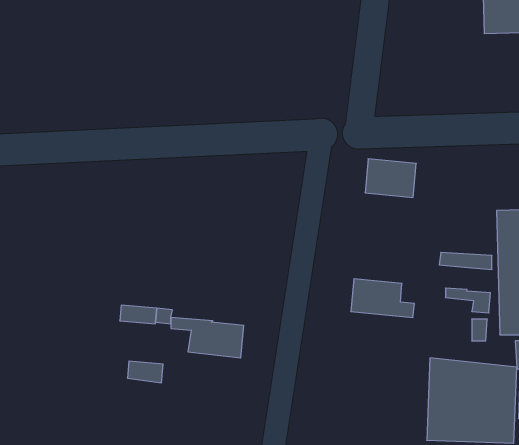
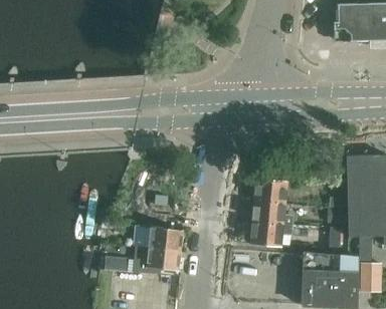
building: [365,159,416,197] -> [254,179,287,204]
building: none -> [250,222,293,247]
building: none -> [145,248,181,271]

